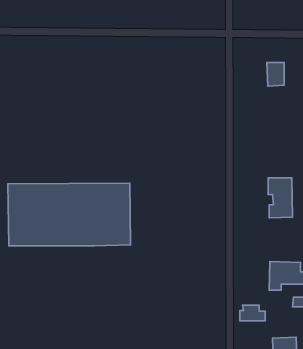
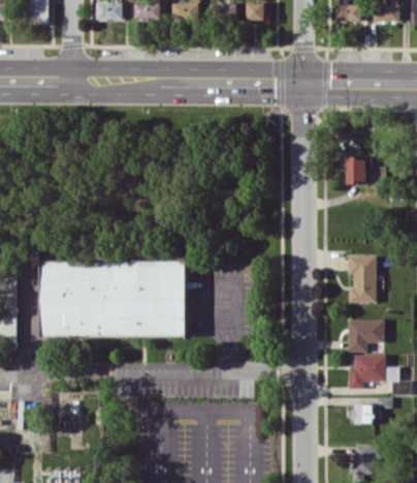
building: [267,63,284,86] -> [346,157,366,185]
building: none -> [348,321,384,353]
building: [240,305,265,321] -> [351,404,381,423]

